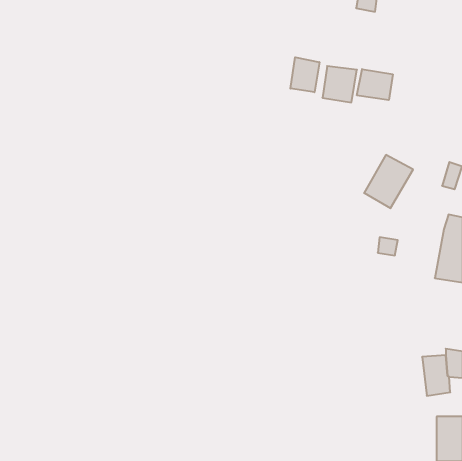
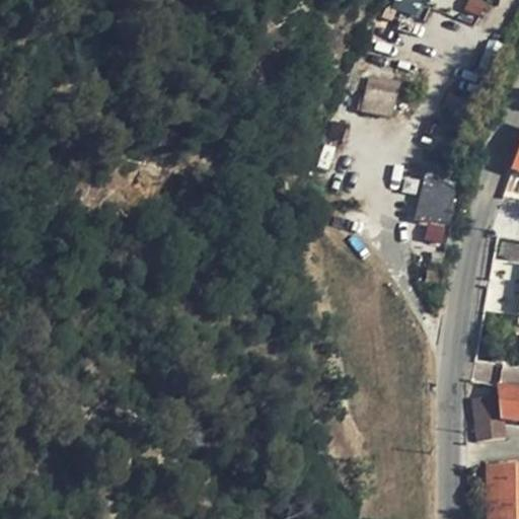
building: [290,57,319,92] -> none
building: [357,69,393,100] -> none

